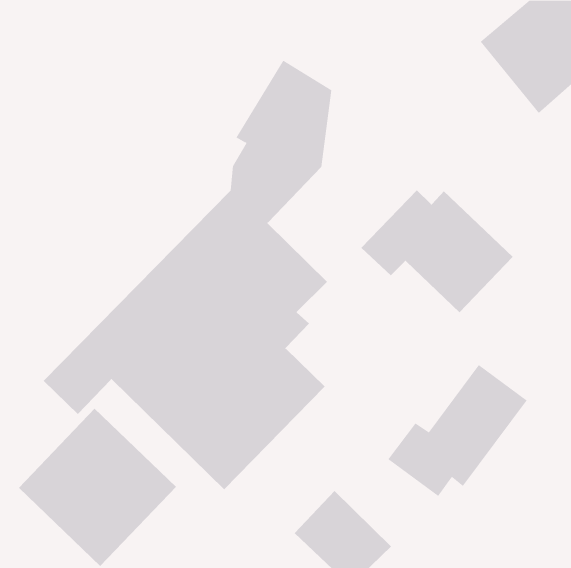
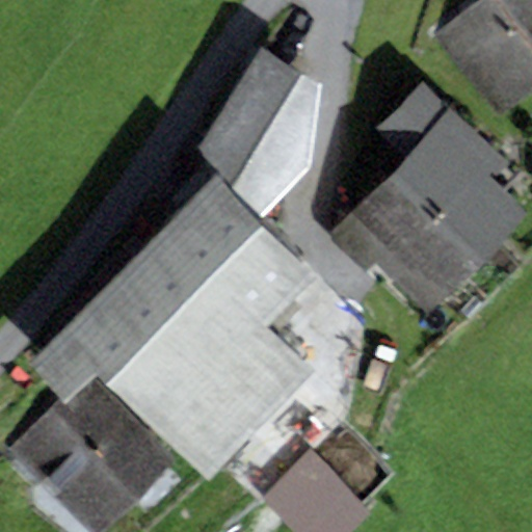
building: none -> [387,90,511,244]
building: [387,364,528,497] -> none

